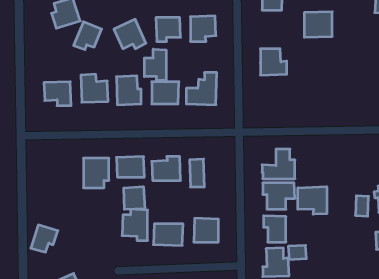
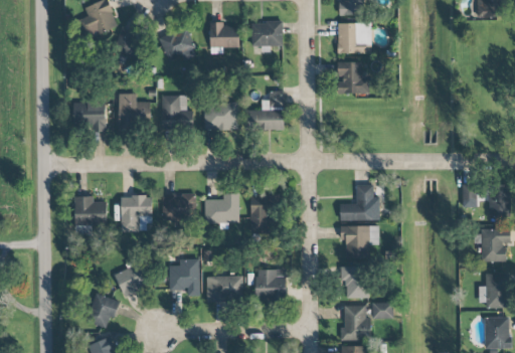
building: [304,12,332,37] -> [337,22,371,53]
building: [144,49,166,81] -> none
building: none -> [74,196,107,225]
building: [124,187,145,209] -> none
building: [298,187,327,214] -> none
building: [355,196,369,216] -> [461,182,477,207]
building: none -> [114,261,149,295]
building: [31,225,58,252] -> [87,294,120,327]

